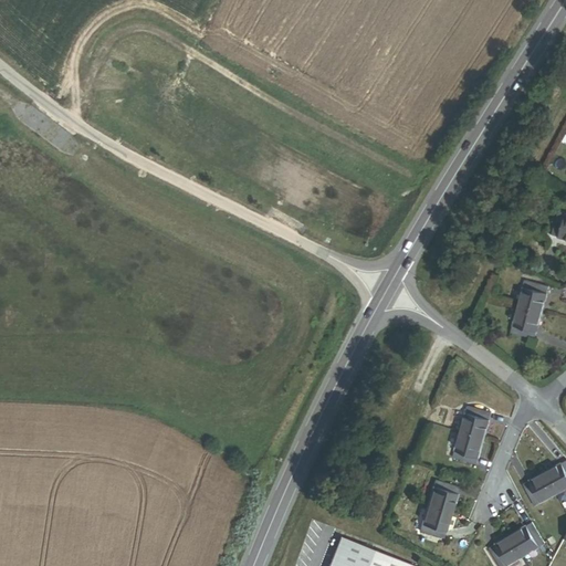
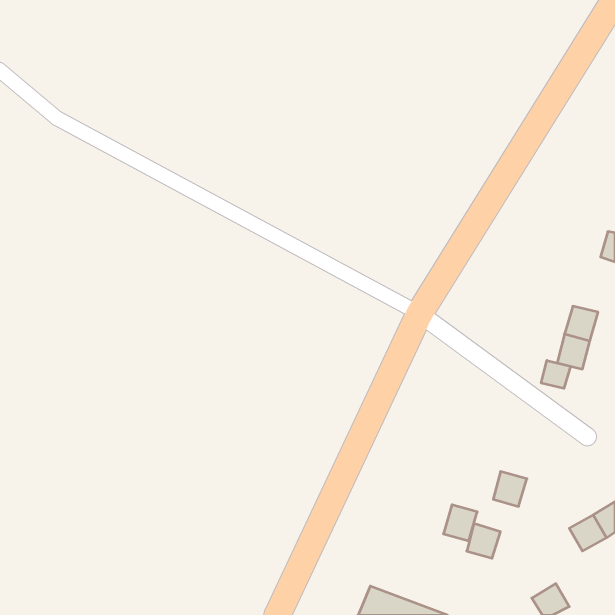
building: none -> [541,360,570,388]
building: [459,406,490,439] -> none
building: [420,505,451,538] -> [443,505,477,541]
building: [510,522,544,556] -> none

